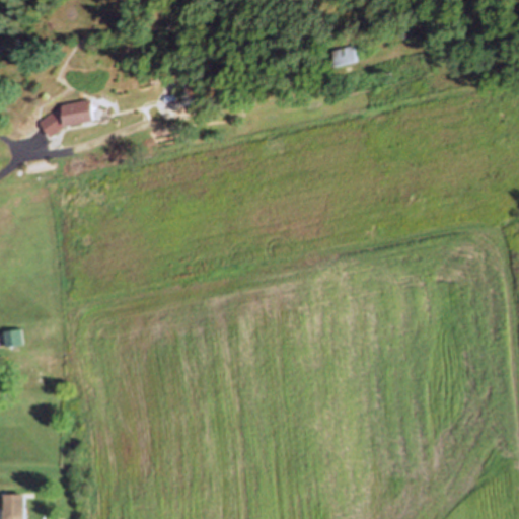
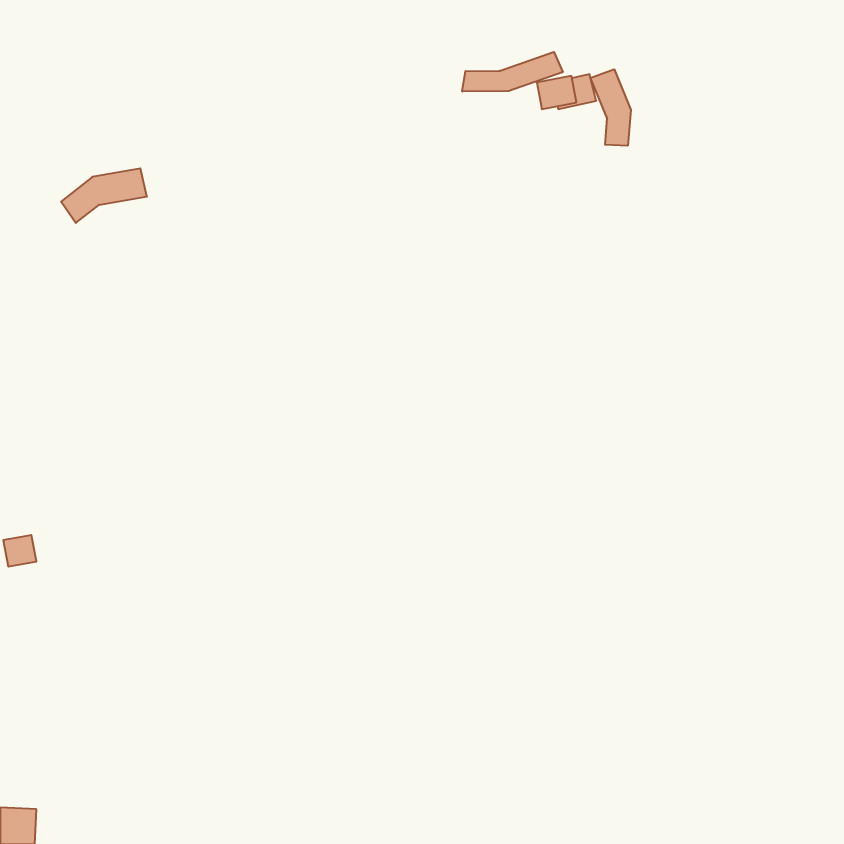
building: none -> [462,52,563,92]
building: none -> [591,69,631,146]

